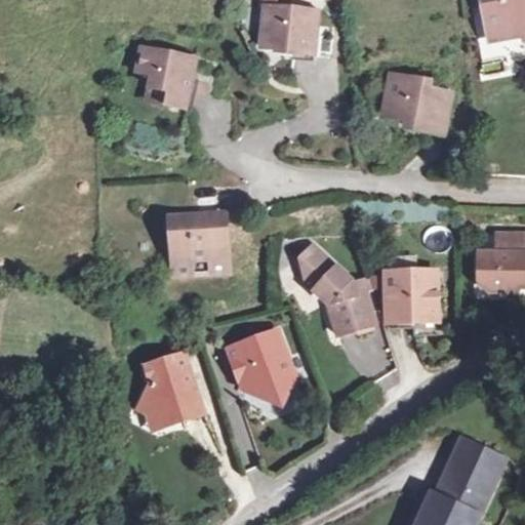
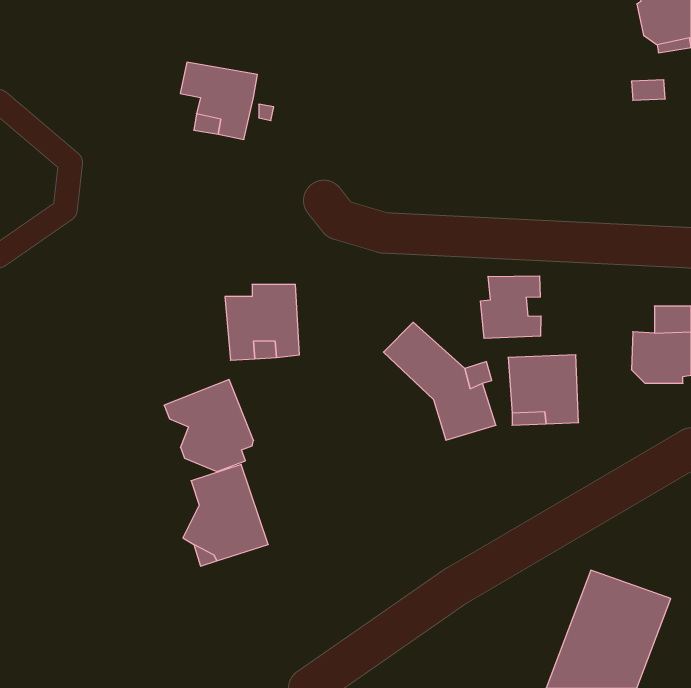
building: [261,5,318,52] -> none
building: [383,72,451,133] -> none
building: none -> [481,276,541,338]
building: [227,328,294,398] -> [164,379,254,472]

